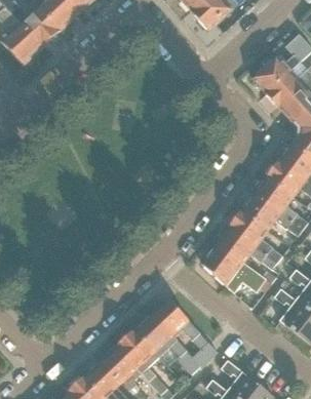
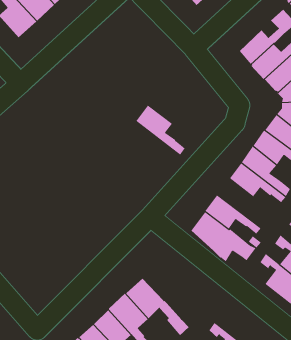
building: [229,209,281,262] -> [135,105,186,155]
building: [152,297,217,365] -> none

